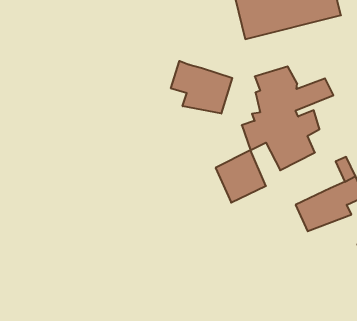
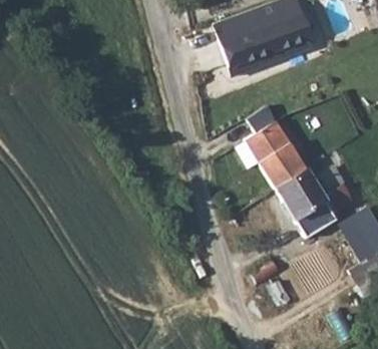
building: [171,61,232,114] -> none
building: [216,150,266,203] -> [275,164,321,213]

